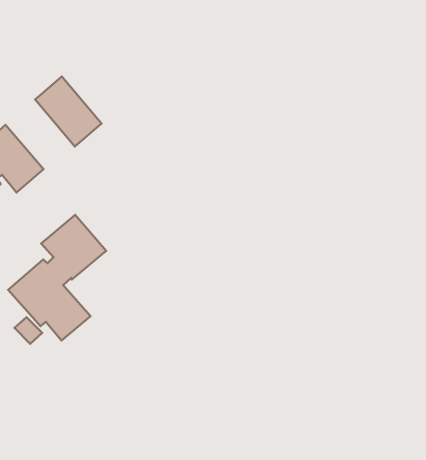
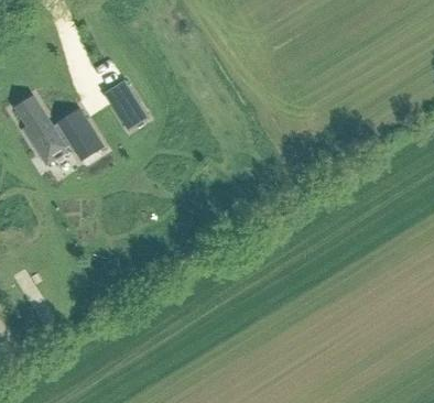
building: [8,215,106,341] -> none

